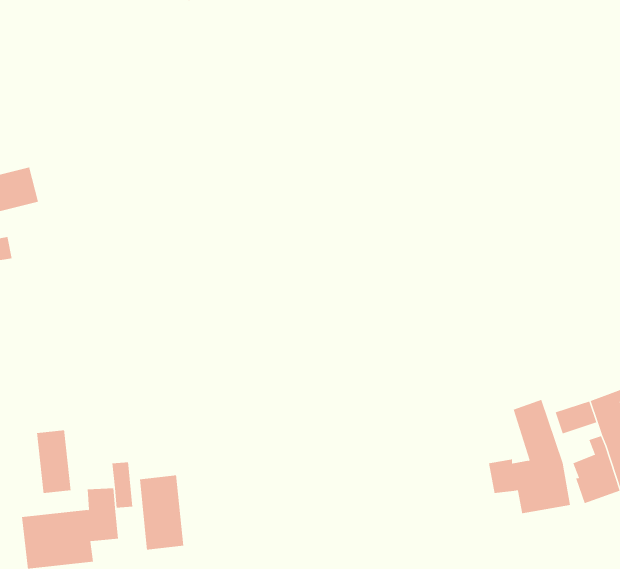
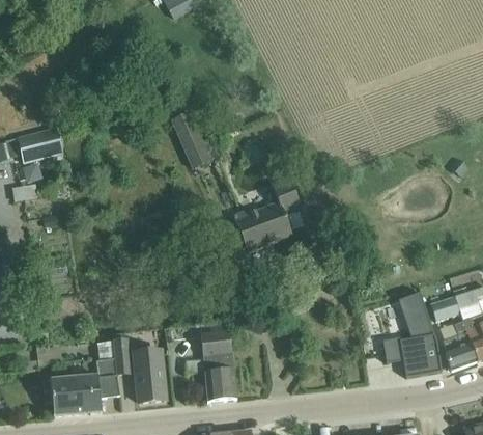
building: none -> [172,111,210,169]
building: none -> [233,178,301,252]
building: [37,429,71,494] -> none
building: none -> [201,331,236,401]

